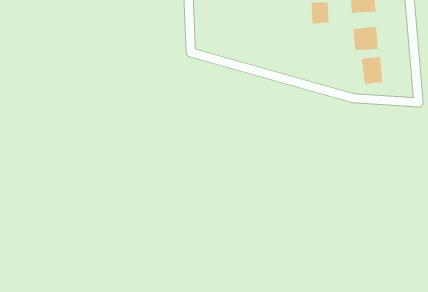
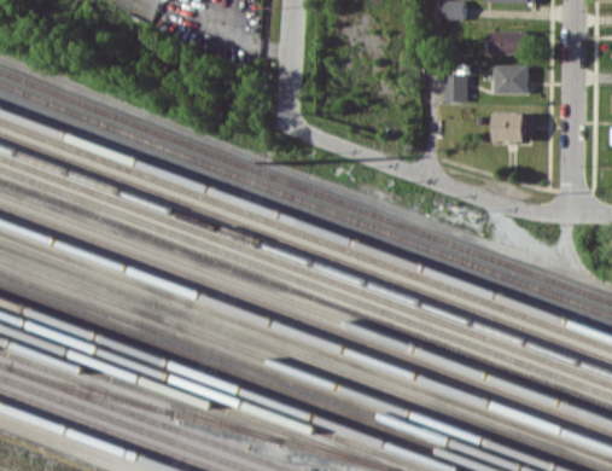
building: [361,56,383,85] -> none

